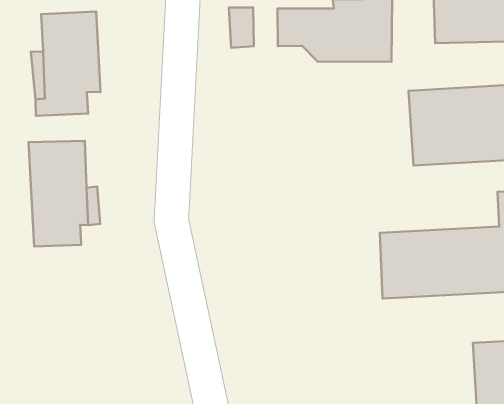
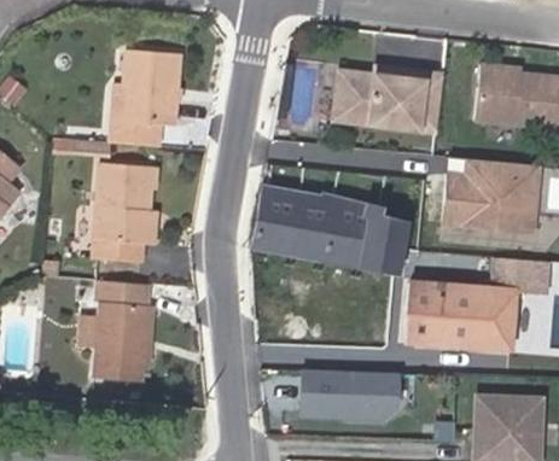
building: none -> [250,186,404,272]
building: none -> [93,282,146,381]
building: none -> [301,370,404,421]

